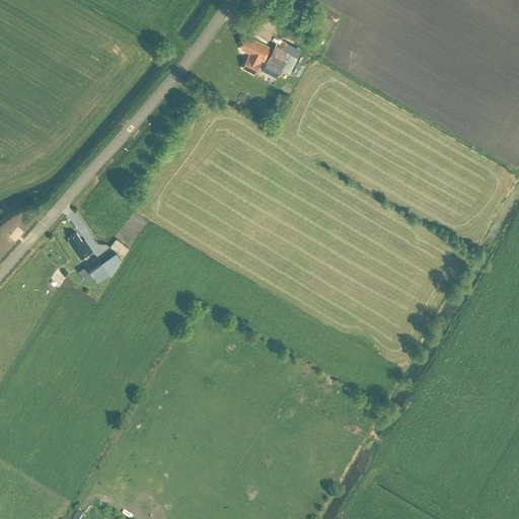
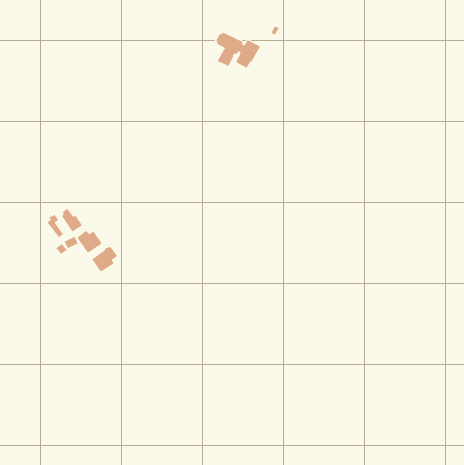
building: none -> [91,246,118,272]

